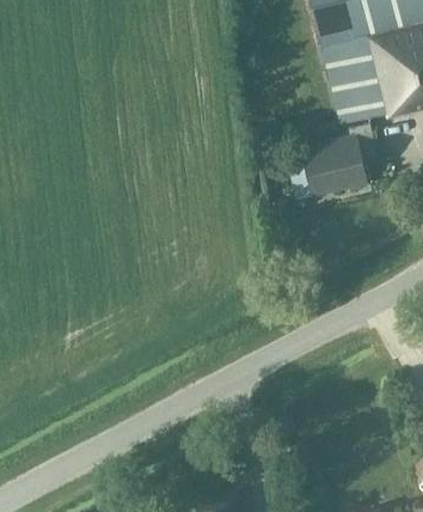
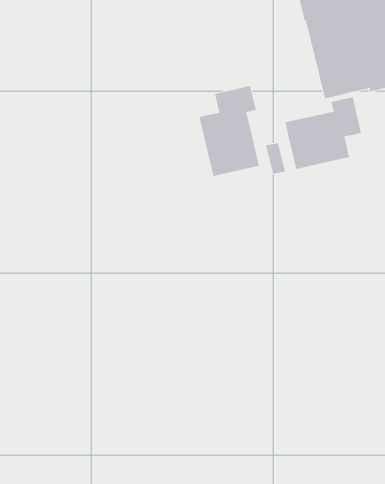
building: none -> [199,85,260,177]

